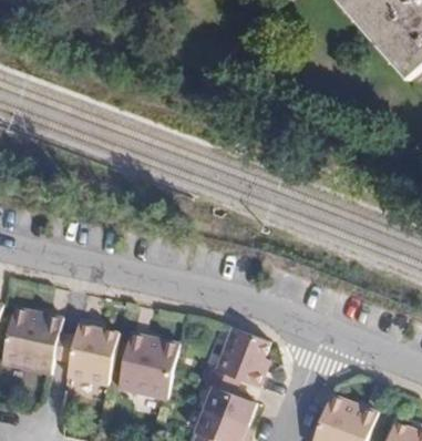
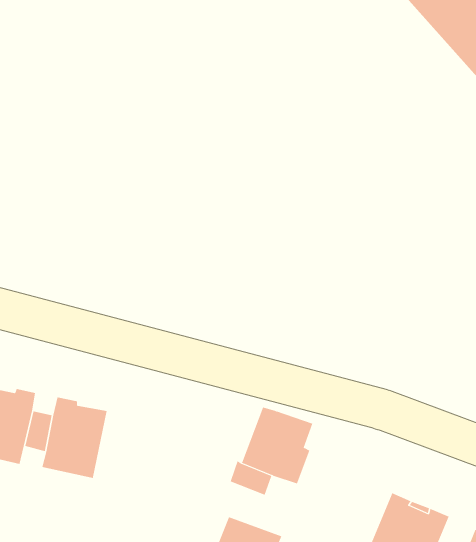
building: [111,329,171,397] -> none
building: [203,387,254,427] -> none

